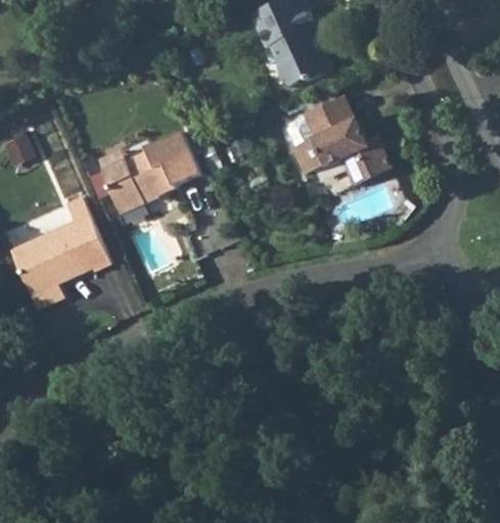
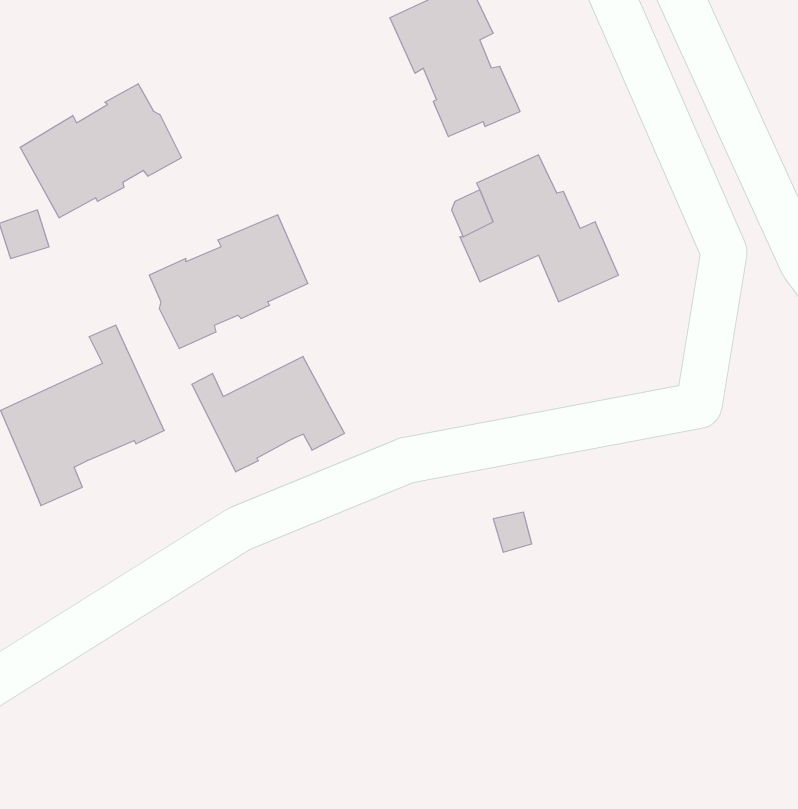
building: none -> [20,84,181,218]
building: none -> [192,356,344,472]

